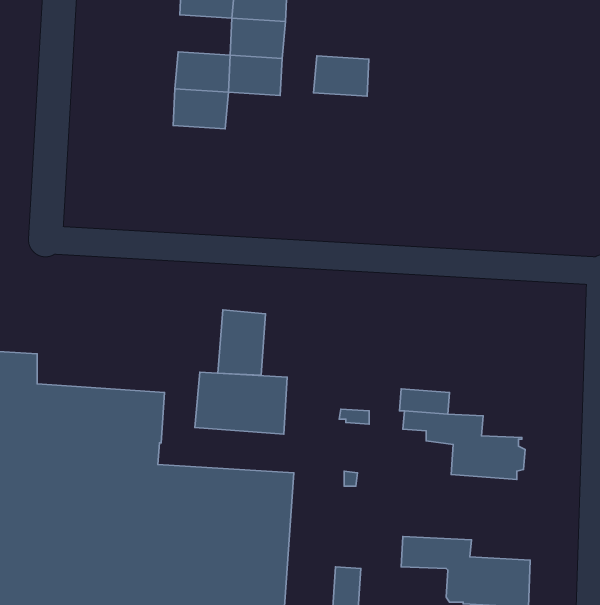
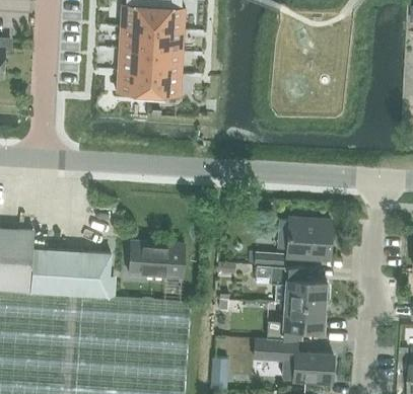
building: none -> [119,26,151,51]
building: [313,56,369,96] -> [147,73,181,97]
building: [218,310,266,375] -> none
building: none -> [287,219,331,260]
building: none -> [266,304,324,341]

